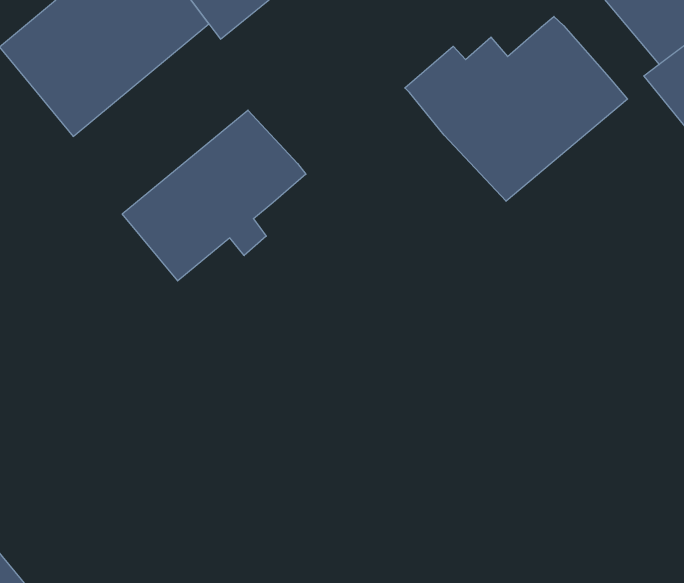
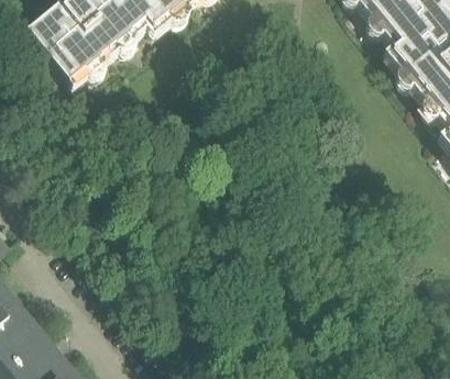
building: [405,16,628,201] -> none
building: [122,110,306,281] -> none

